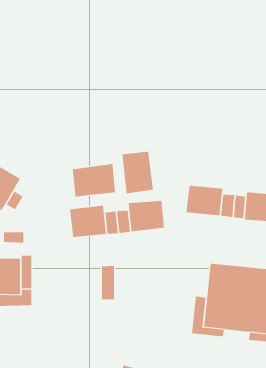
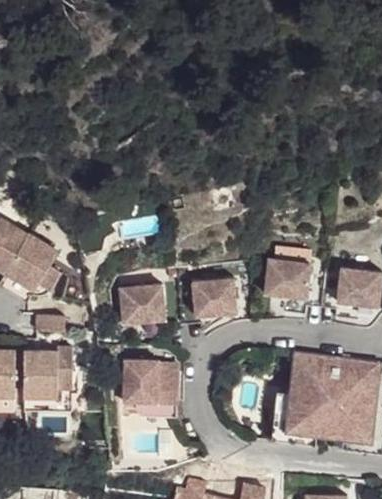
building: [122,151,154,194] -> none
building: [72,163,116,197] -> none
building: none -> [122,360,158,402]

